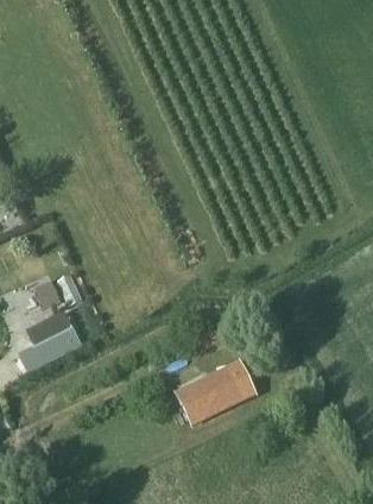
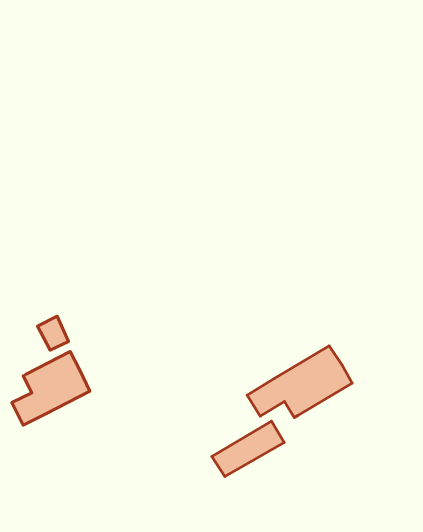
building: none -> [247,346,352,417]

